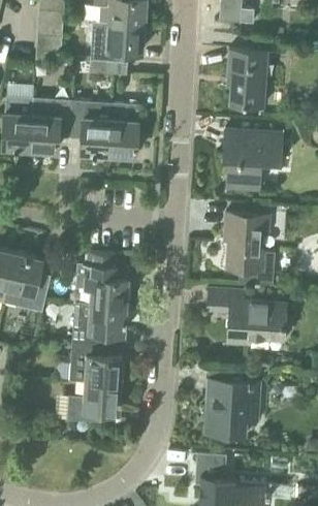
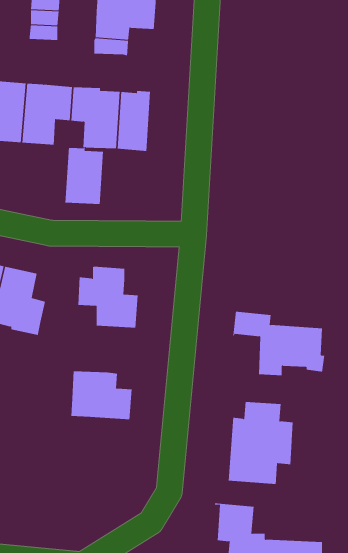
building: [227,49,266,106] -> none
building: [217,129,283,191] -> none
building: none -> [65,147,104,205]
building: [223,213,275,285] -> none
building: [72,303,126,342] -> none
building: [68,380,121,420] -> none

